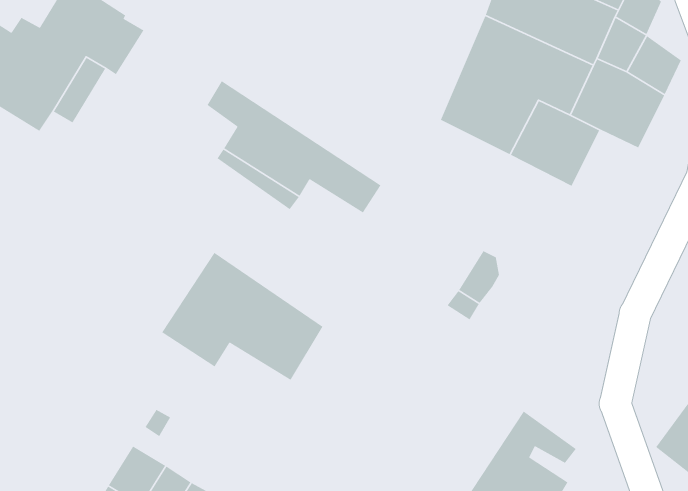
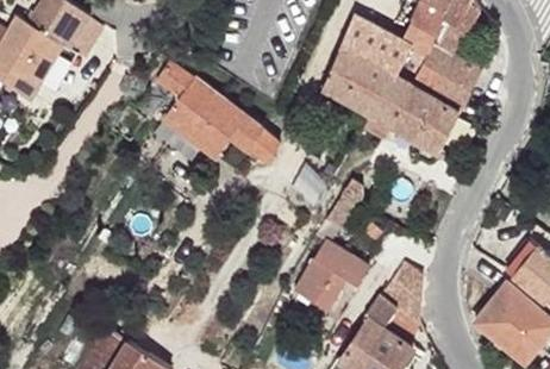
building: none -> [412,99,460,152]
building: [161,252,323,381] -> none
building: none -> [288,245,363,312]
building: none -> [377,268,417,326]

